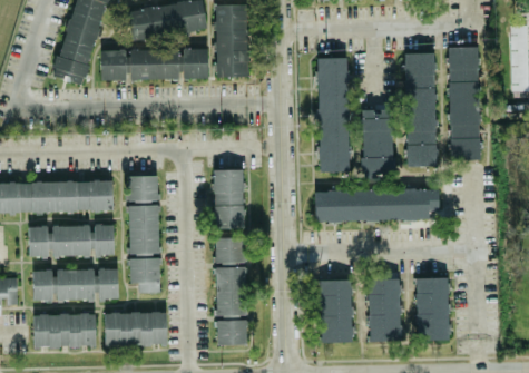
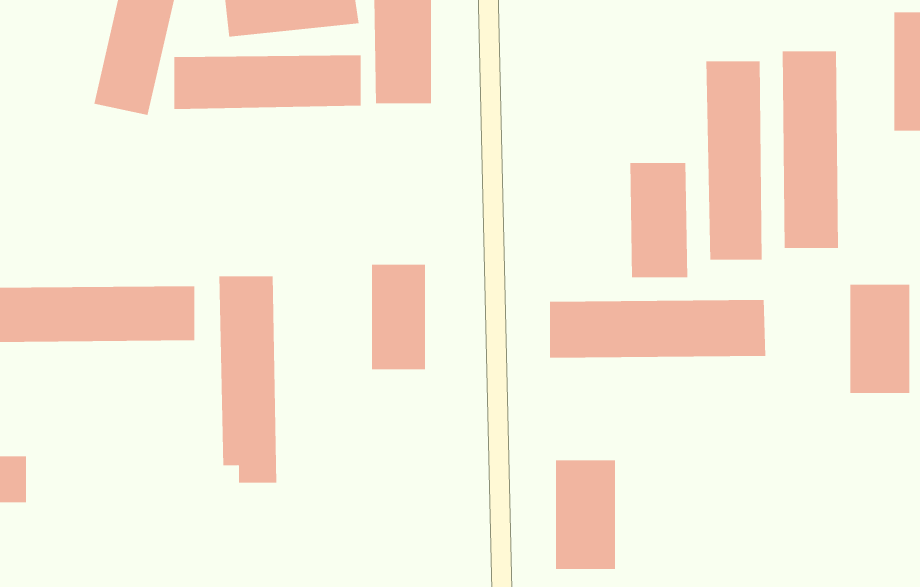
building: [317,58,351,171] -> none
building: [29,225,114,257] -> none
building: [214,237,248,345] -> none
building: [32,268,118,301] -> none
building: [366,277,403,341] -> none
building: [415,277,450,340] -> [850,284,910,394]
building: [105,311,167,346] -> none
building: [33,313,96,347] -> none

